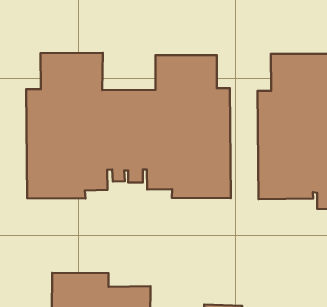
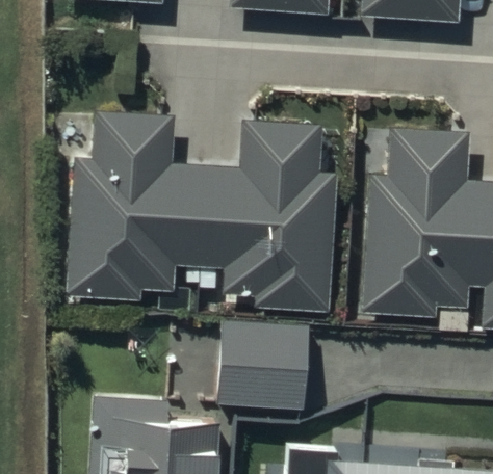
building: none -> [217,320,308,409]

